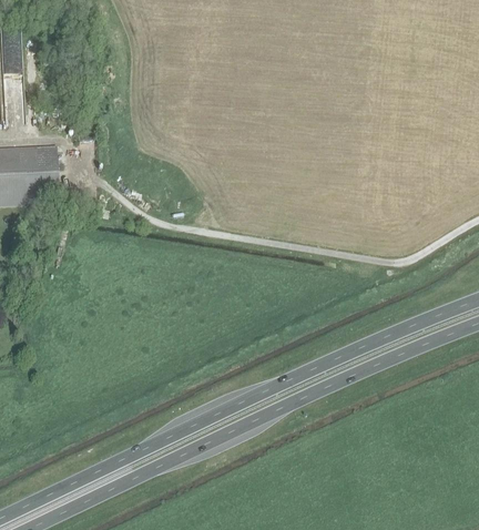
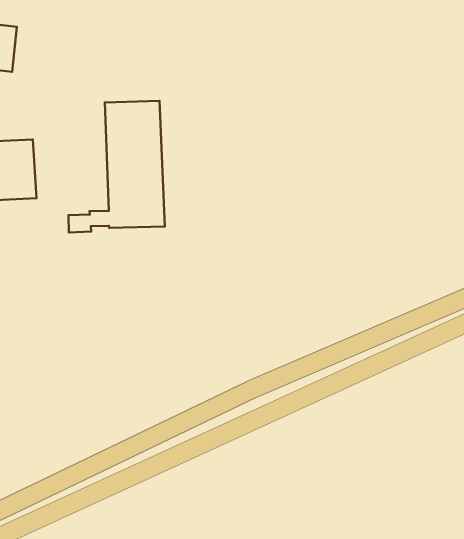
building: none -> [68,101,165,232]

